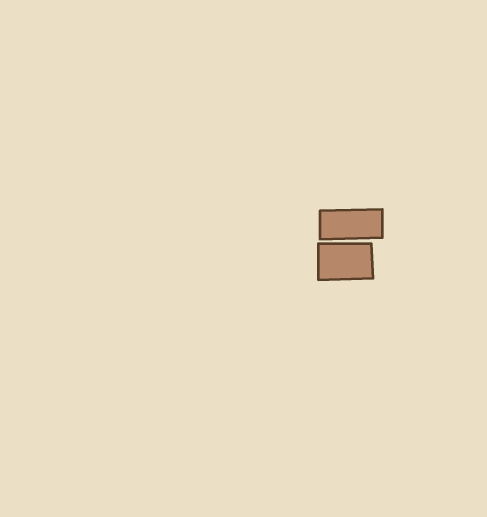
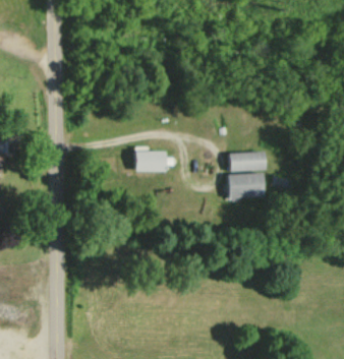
building: none -> [133,151,170,171]

